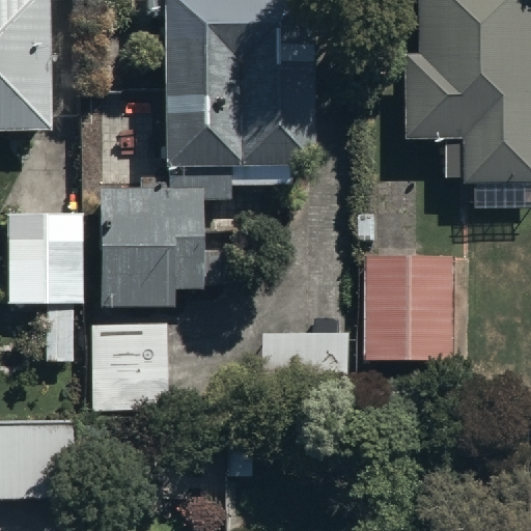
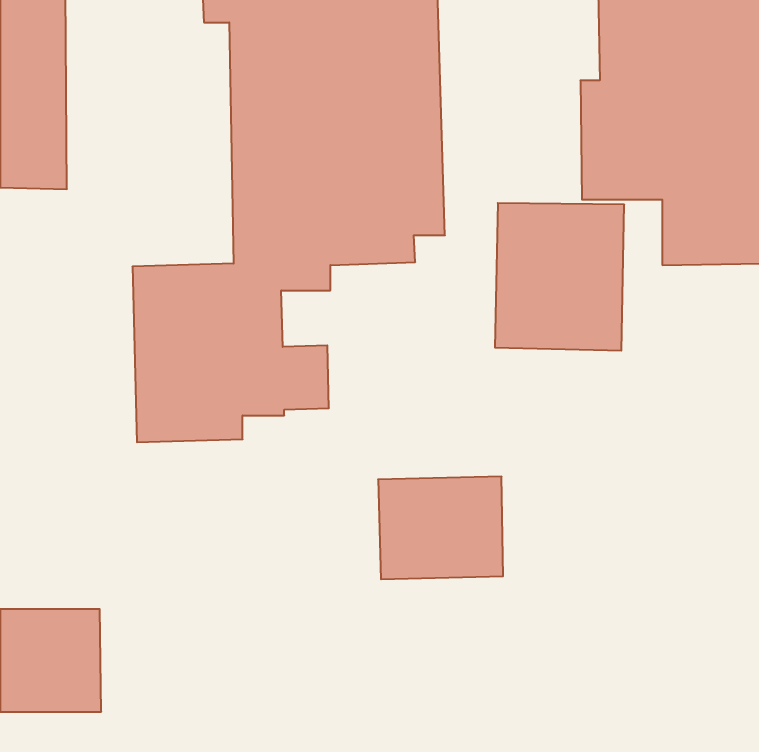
building: [5,214,84,357] -> none
building: [365,256,455,359] -> [495,203,624,351]
building: [87,325,164,403] -> none

